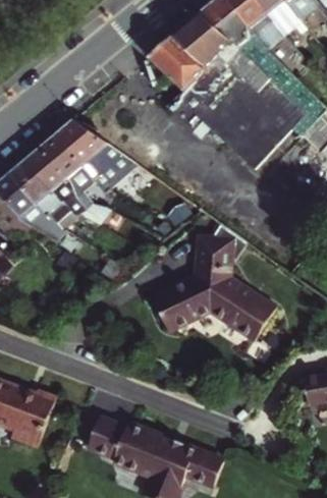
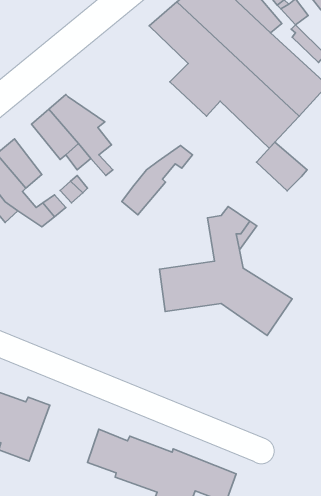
building: [26,146,67,190] -> none
building: none -> [256,142,307,191]
building: none -> [122,146,192,215]

